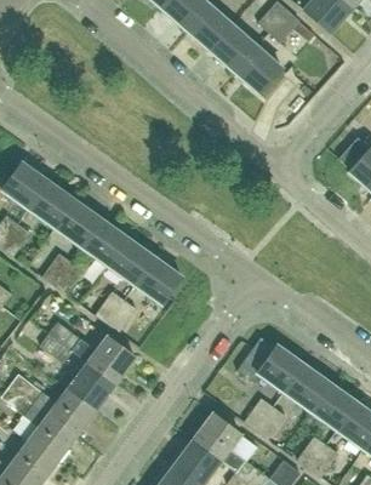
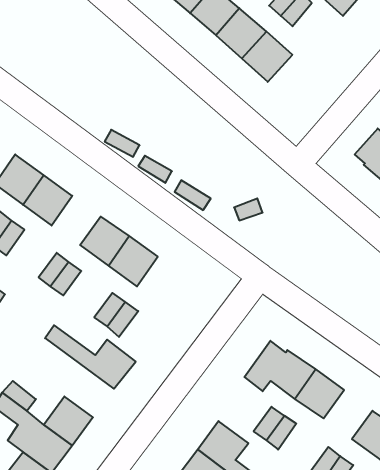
building: [56,200,102,246] -> none
building: [136,257,182,303] -> none
building: [41,333,114,407] -> none
building: [310,382,356,428] -> none

